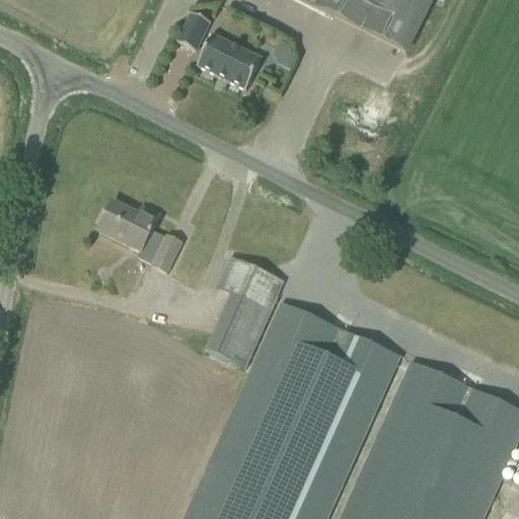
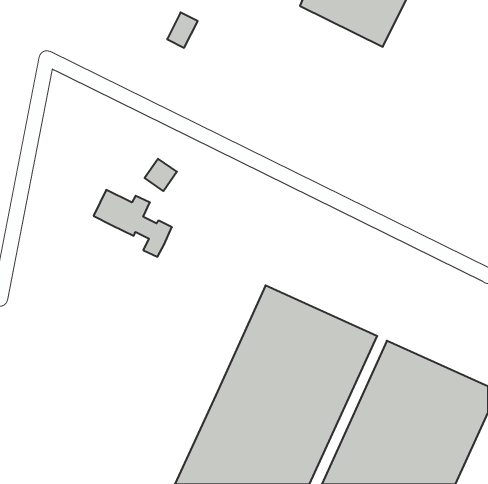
building: [198,34,262,90] -> none
building: none -> [145,159,177,191]
building: [208,256,285,367] -> none

